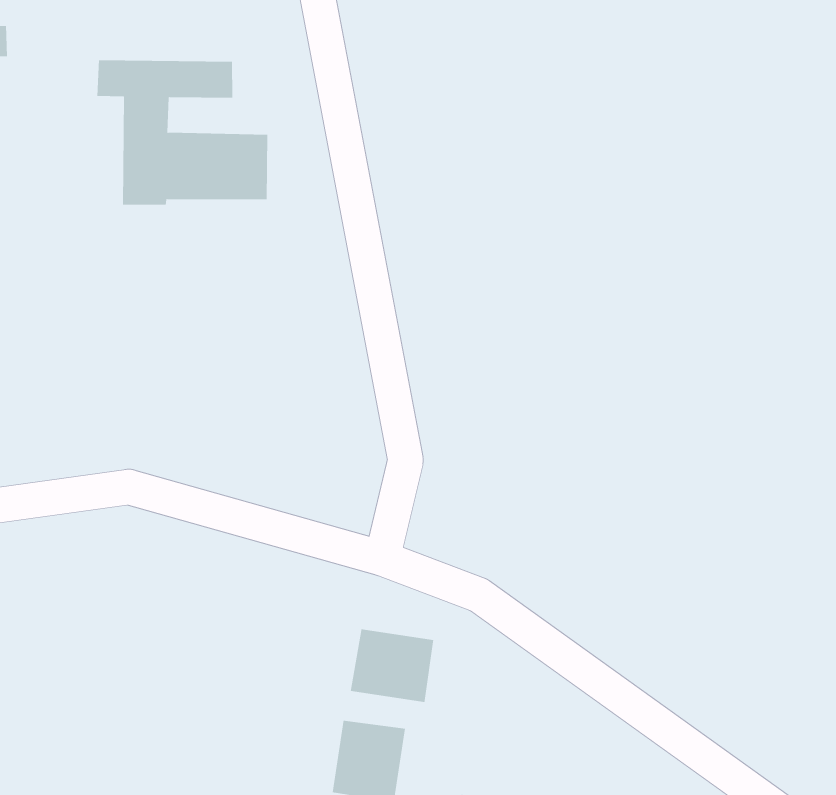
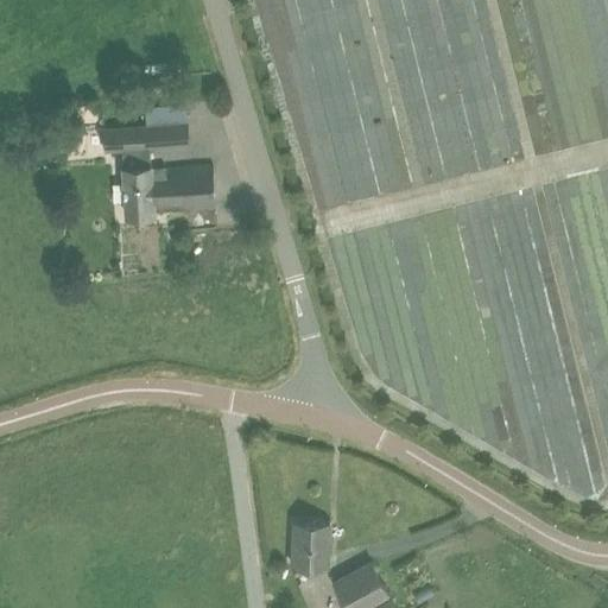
building: [350,629,434,703] -> none

